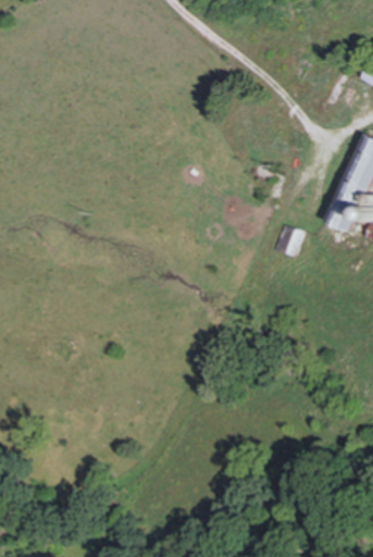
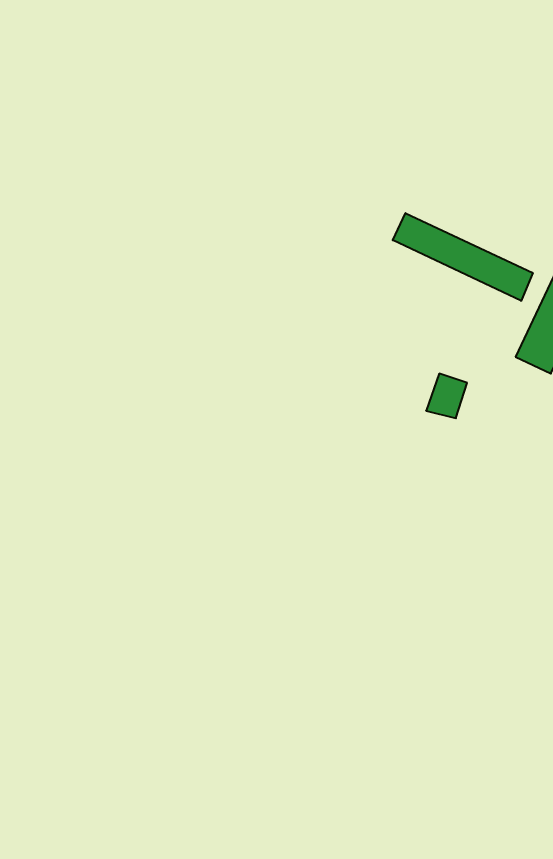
building: none -> [393,213,533,301]

